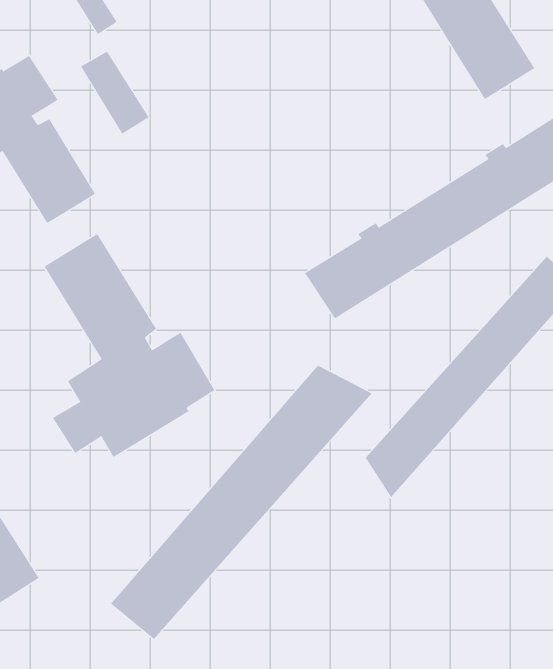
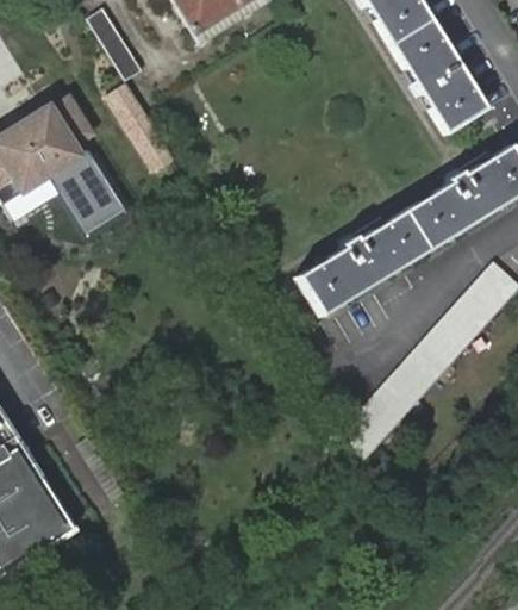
building: [44,233,215,458] -> none
building: [110,365,372,640] -> none

